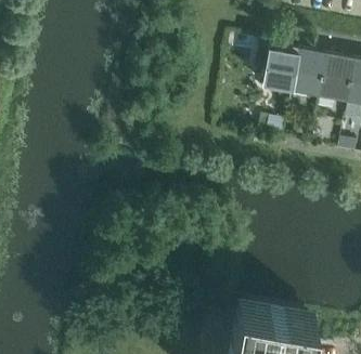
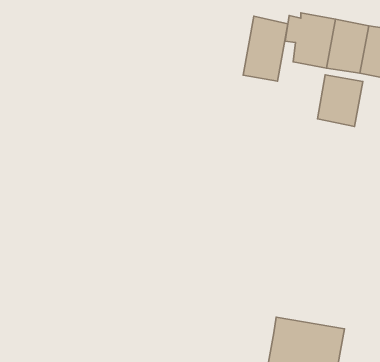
building: none -> [243,16,288,81]
building: none -> [317,75,363,127]

